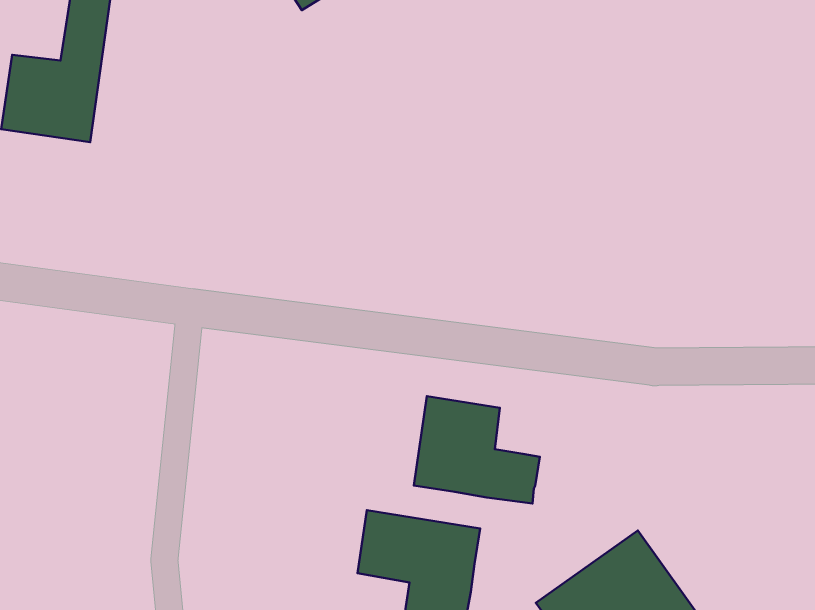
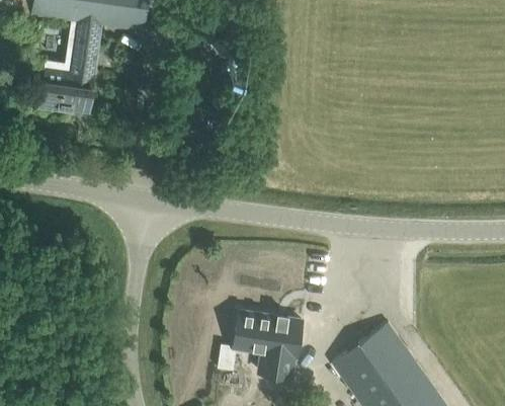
building: [414,396,540,504] -> none

